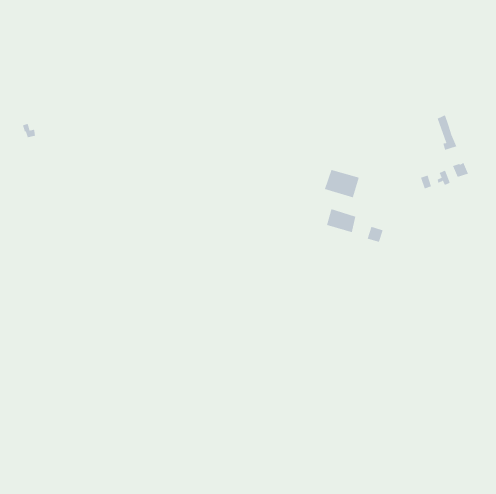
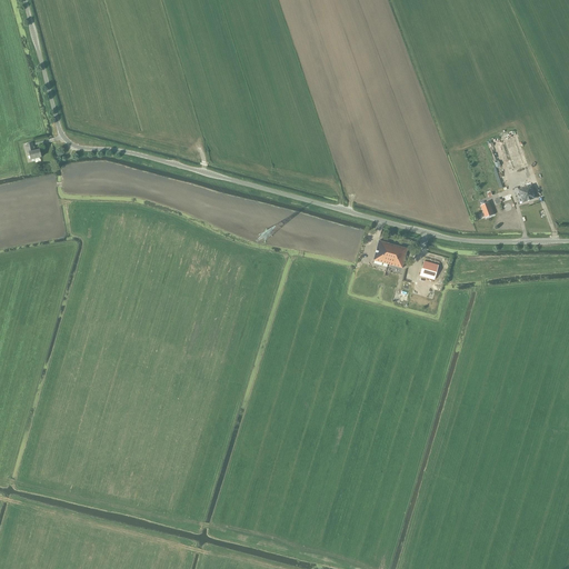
building: [324,169,360,198] -> none

